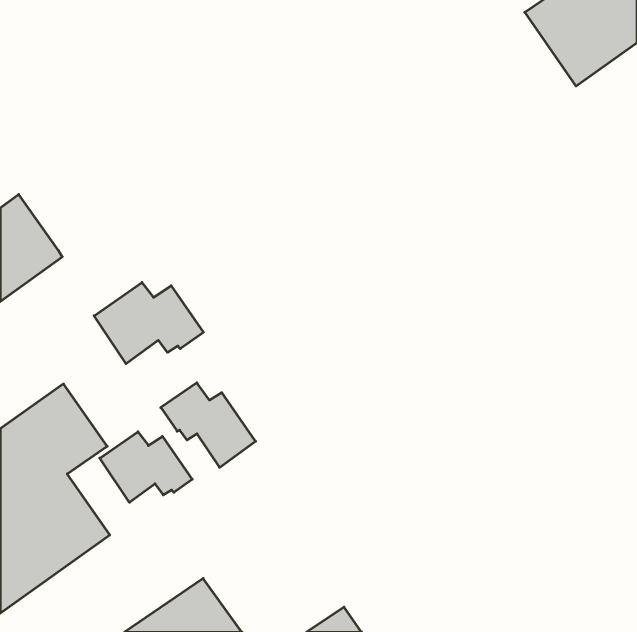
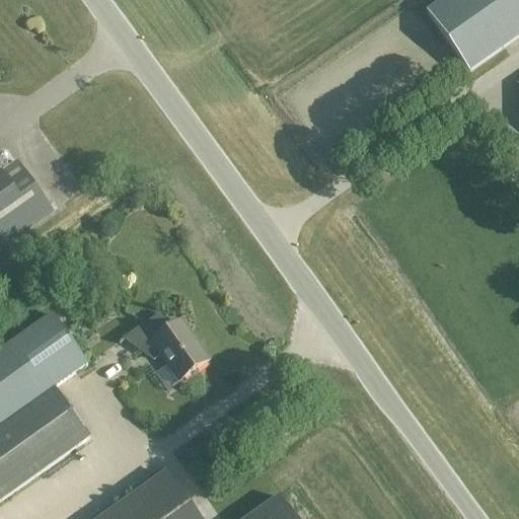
building: [94,282,203,364] -> none
building: [100,432,192,502] -> none

